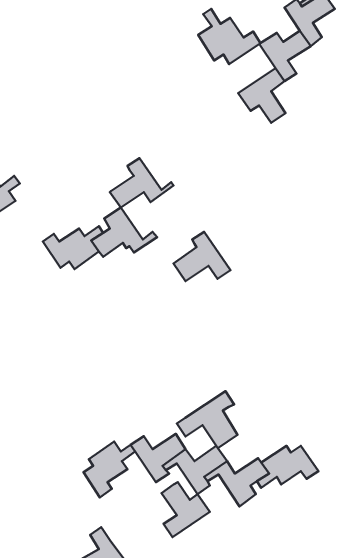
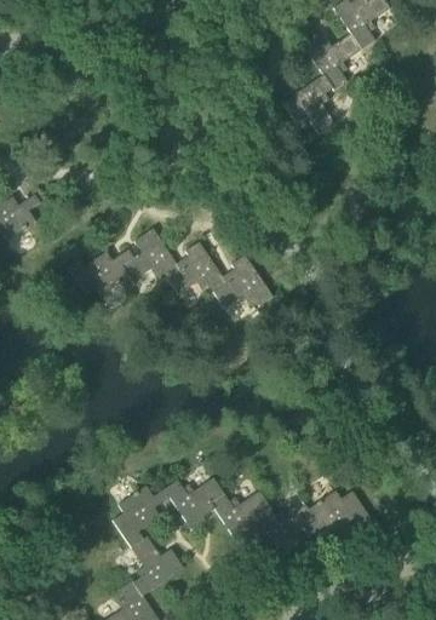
building: [198,9,260,64] -> none
building: [110,158,173,208] -> [166,242,236,297]
building: [177,391,237,448] -> none
building: [161,482,210,537] -> [130,536,183,597]

